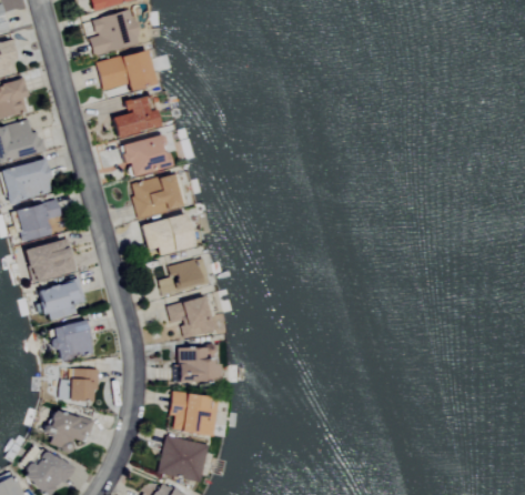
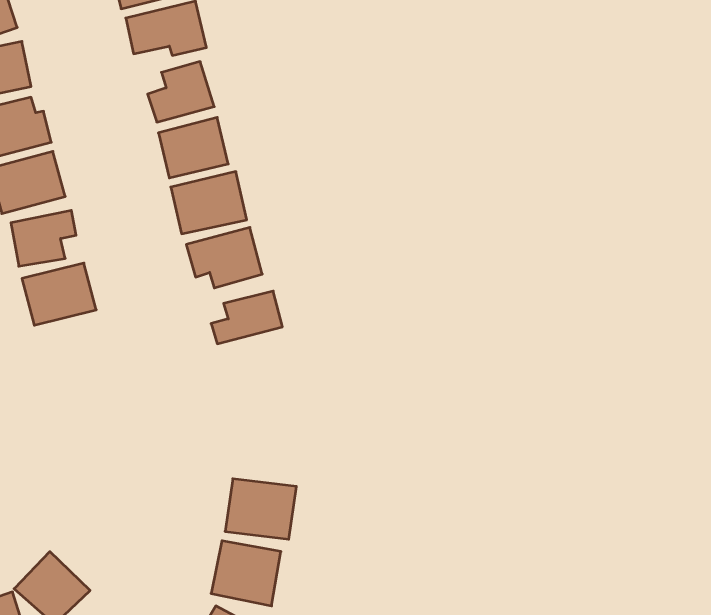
building: [38,280,85,321] -> none
building: [168,296,215,336] -> none
building: [49,320,97,362] -> none
building: [176,346,220,382] -> none
building: [68,367,99,400] -> none
building: [48,411,93,451] -> none

